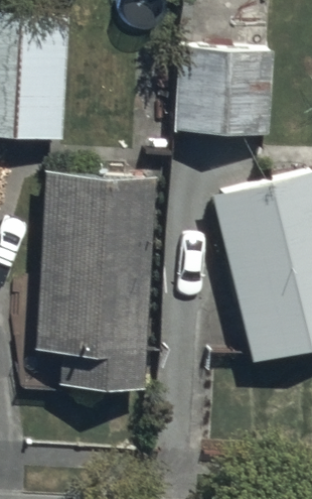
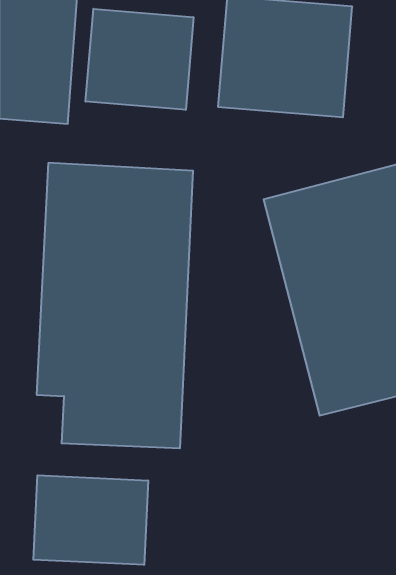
building: none -> [86,9,193,110]
building: none -> [33,475,148,565]

